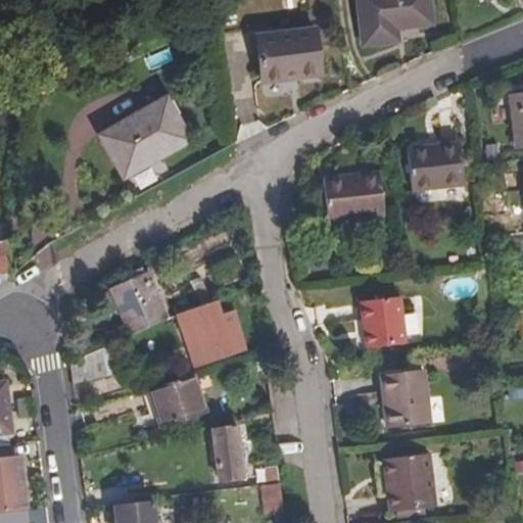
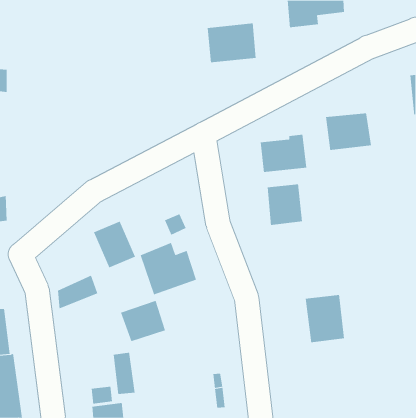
building: [101,101,186,168] -> none
building: [362,294,407,346] -> [267,184,303,226]
building: [212,428,241,481] -> [113,352,136,395]
building: [382,451,433,508] -> none

